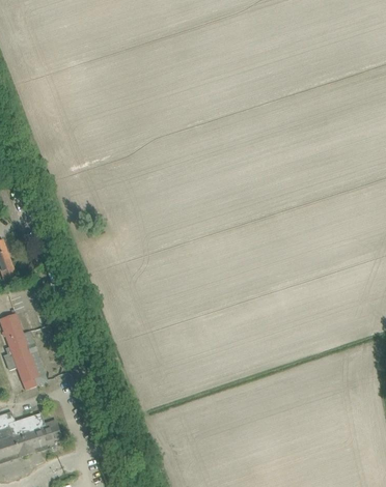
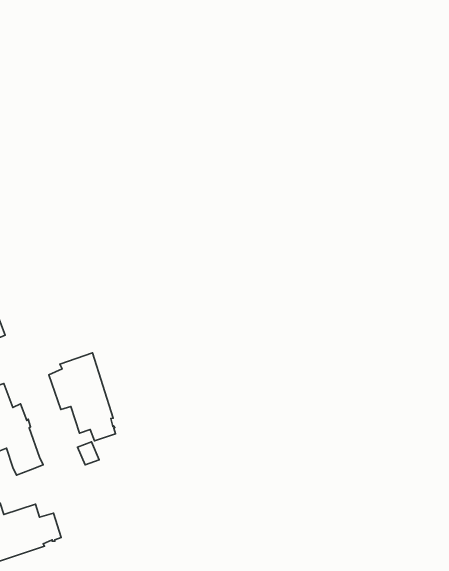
building: none -> [49,353,115,441]

